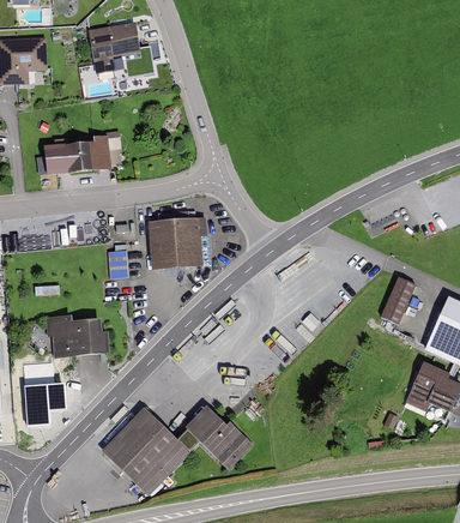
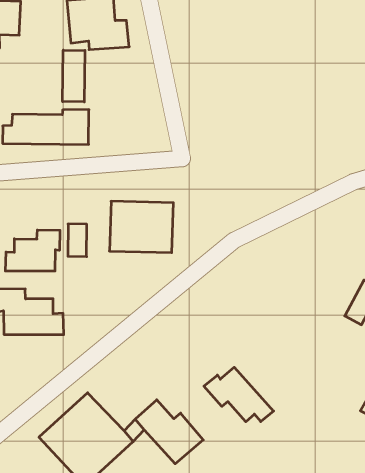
building: none -> [63,50,85,102]
building: none -> [5,230,60,271]
building: none -> [204,367,274,422]

